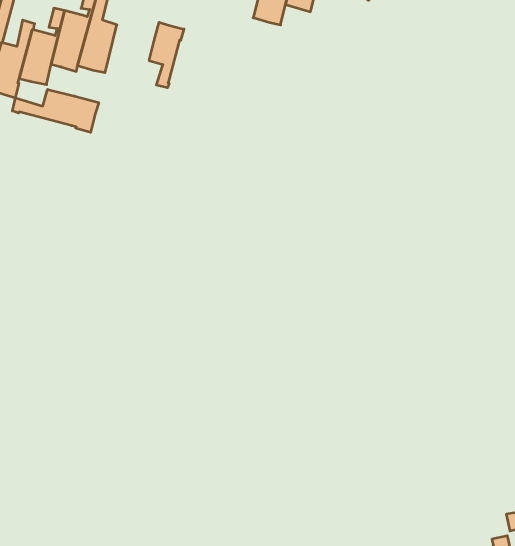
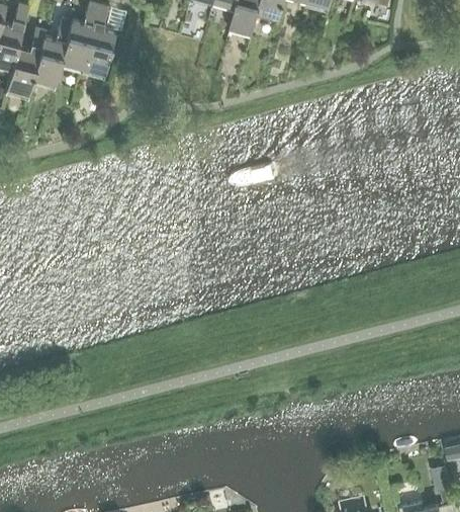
building: [149,22,184,88] -> none
building: [12,89,99,132] -> none

